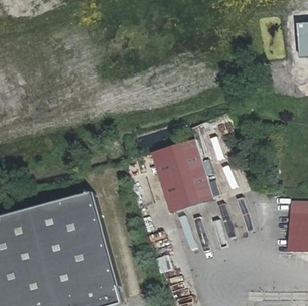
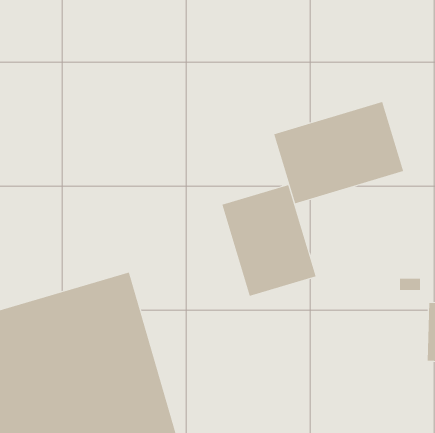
building: none -> [273,101,404,204]

